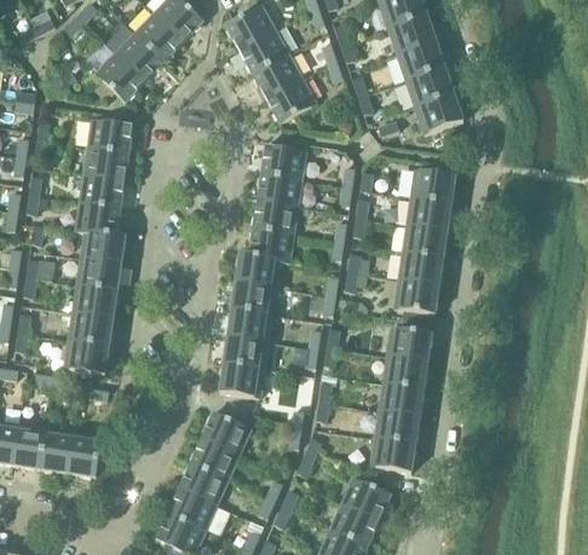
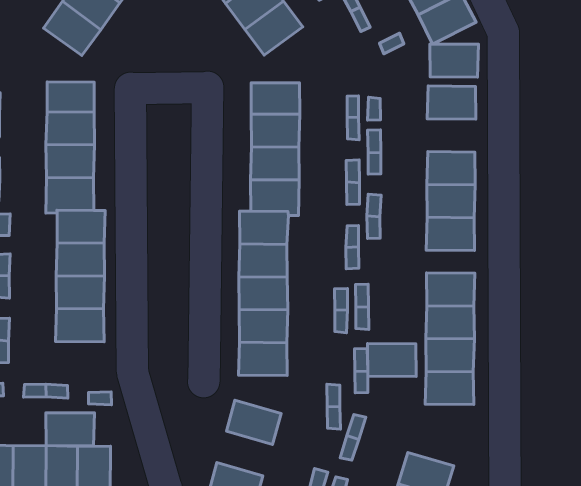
building: [407,196,451,230] -> [430,44,478,77]
building: [64,340,109,374] -> [46,413,94,446]
building: [190,437,240,479] -> none
building: [370,438,415,472] -> [367,344,416,376]

